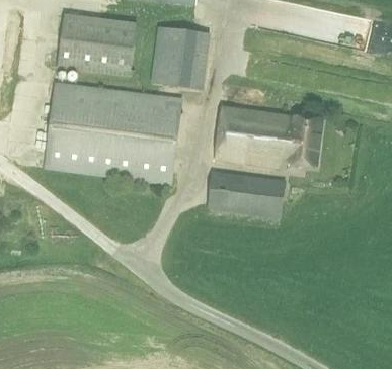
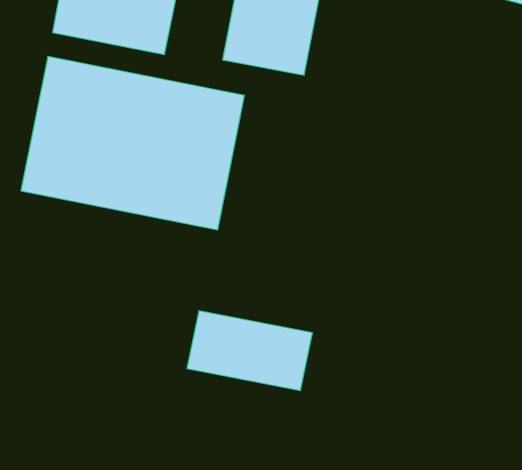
building: [214,108,319,169] -> none
building: [207,172,284,217] -> [187,311,312,391]

